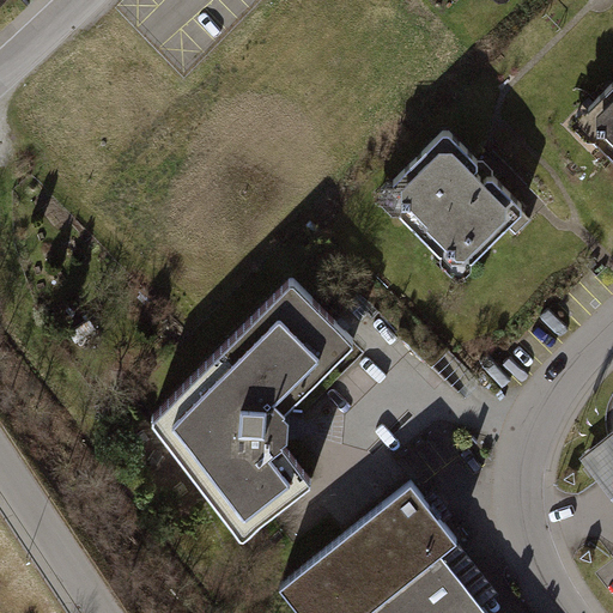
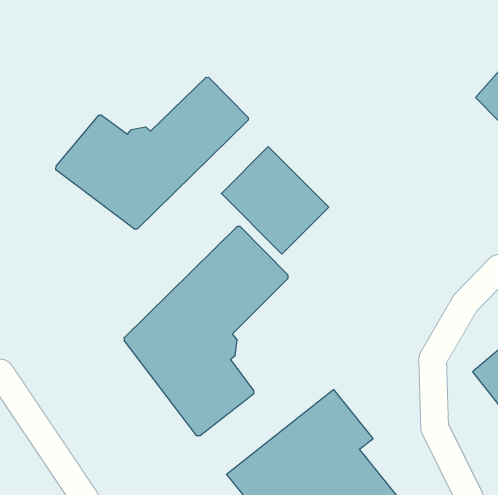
building: none -> [56,77,248,229]
building: [381,142,512,274] -> [221,147,329,254]

